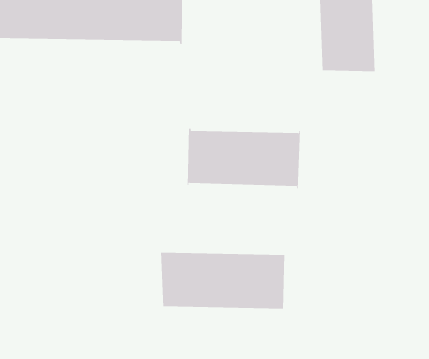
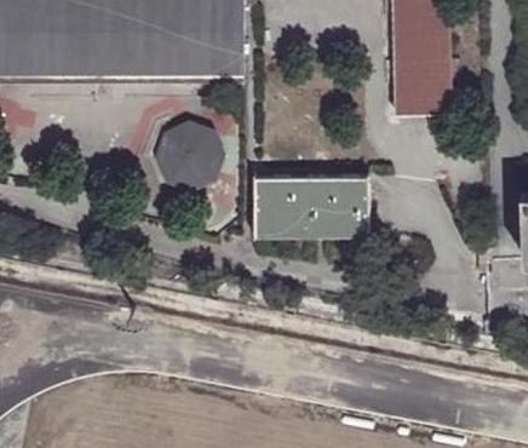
building: none -> [157,115,226,189]
building: [160,252,285,309] -> none

